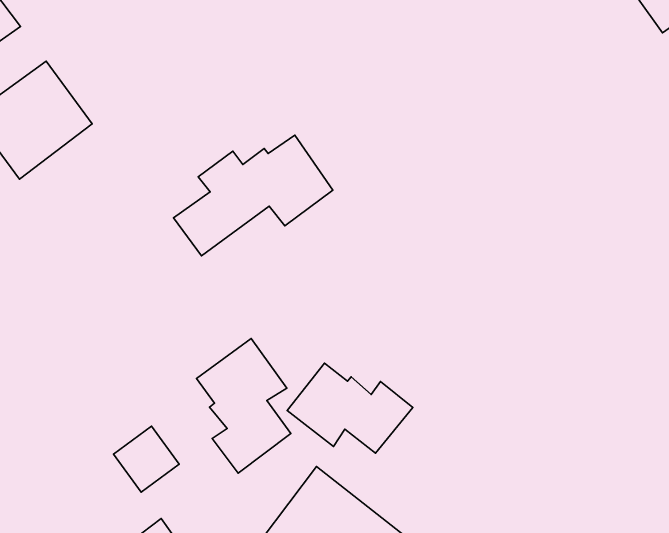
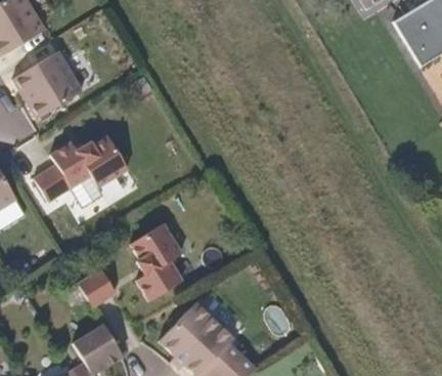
building: [174,135,333,256] -> [35,136,129,202]
building: [287,363,413,453] -> none

